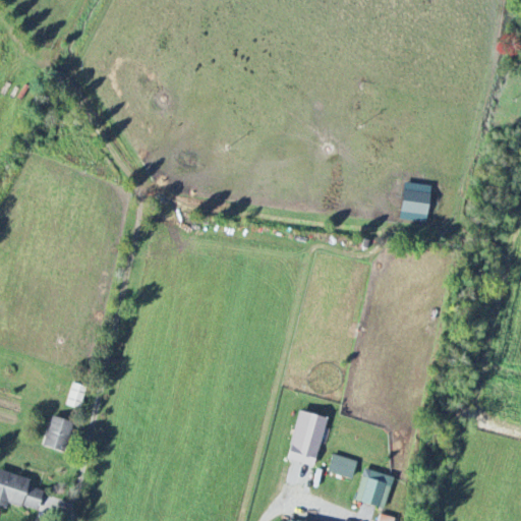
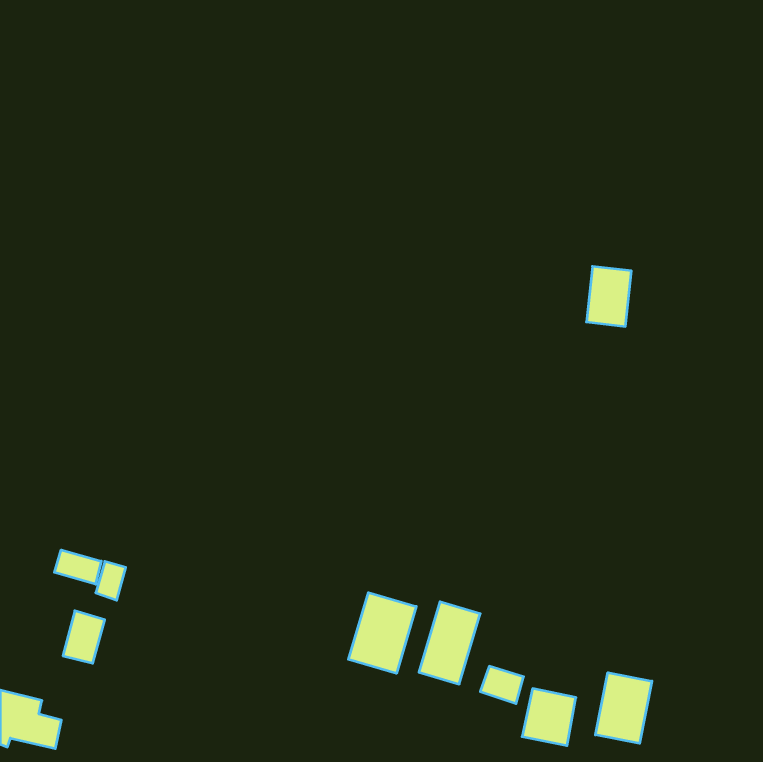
building: none -> [54,550,101,584]
building: none -> [348,593,416,673]
building: none -> [595,673,652,743]

